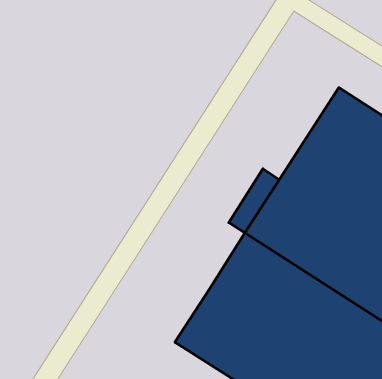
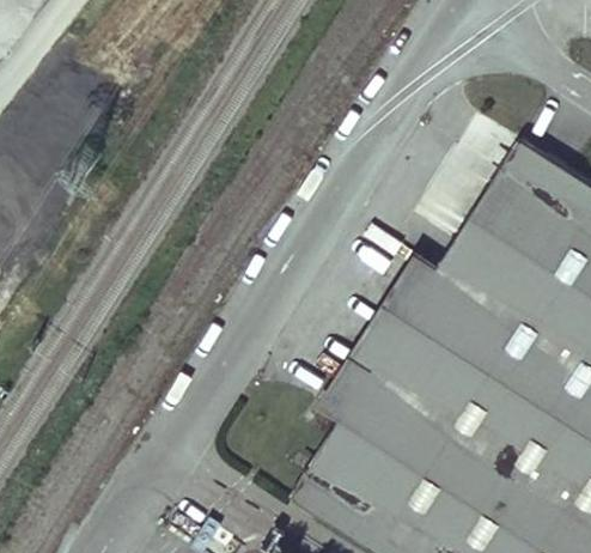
building: none -> [317,332,389,424]

